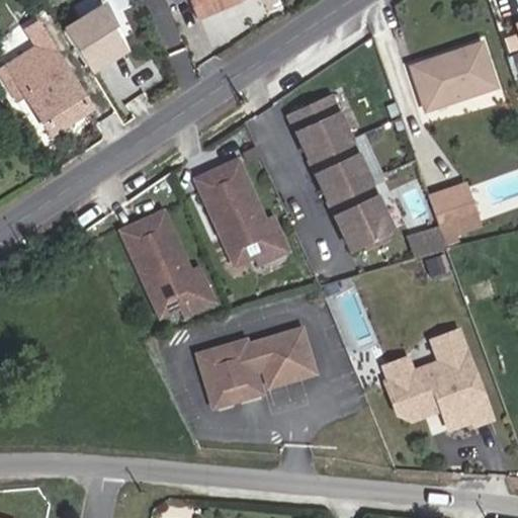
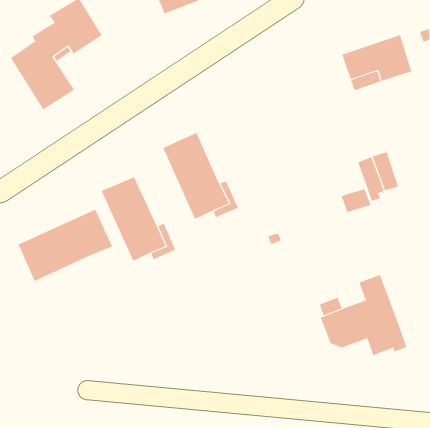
building: [288,95,393,249] -> none
building: none -> [18,209,113,282]
building: [197,329,314,406] -> none

